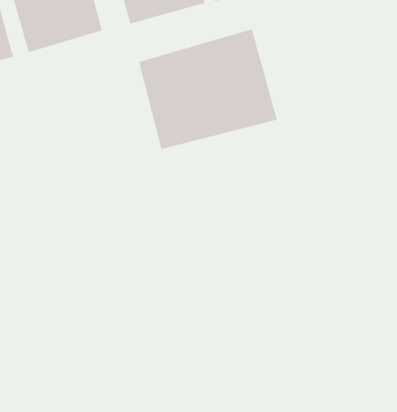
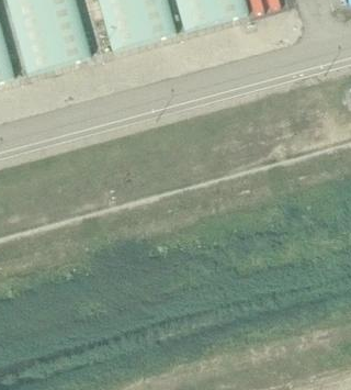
building: [139,28,278,150] -> none

